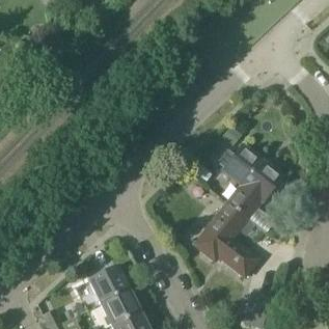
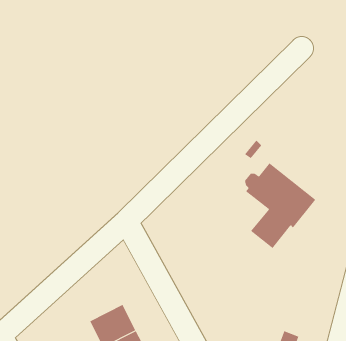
building: [195,202,258,274] -> none

